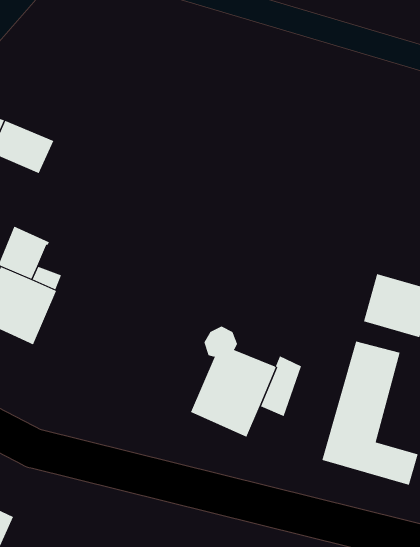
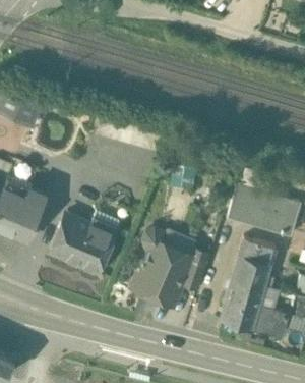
building: none -> [228,185,260,225]
building: none -> [49,211,119,272]

